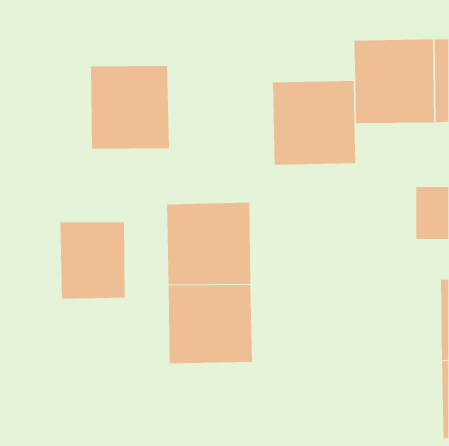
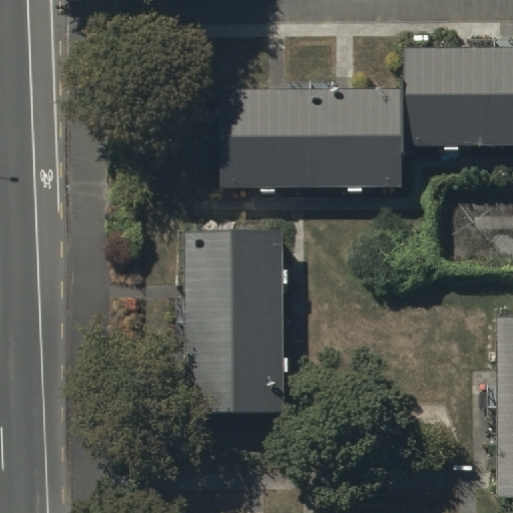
building: [90,65,170,149] -> [220,93,311,188]
building: [60,221,125,300] -> none

